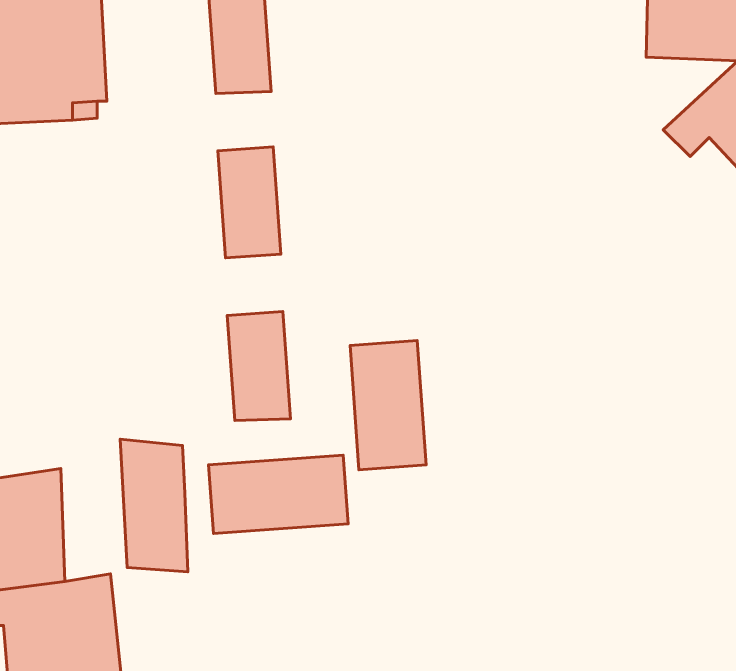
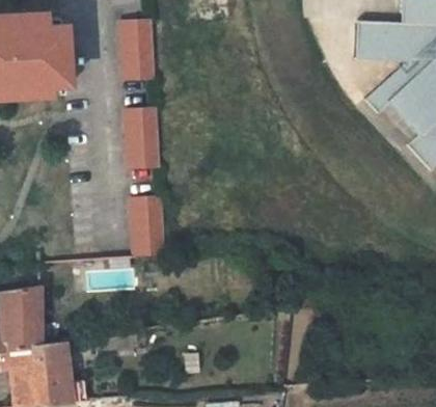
building: [350,340,426,470] -> none
building: [120,439,188,572] -> none
building: [208,455,348,534] -> none

